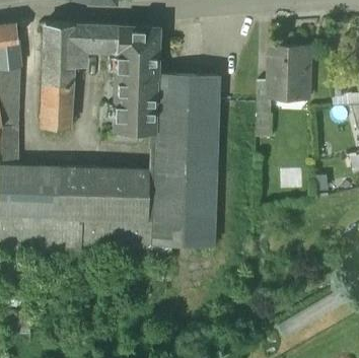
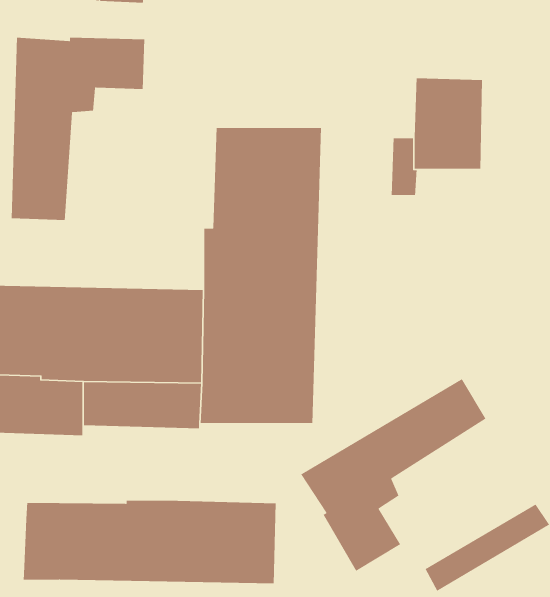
building: [114,24,161,133] -> none
building: none -> [300,378,487,572]
building: none -> [23,500,276,584]

